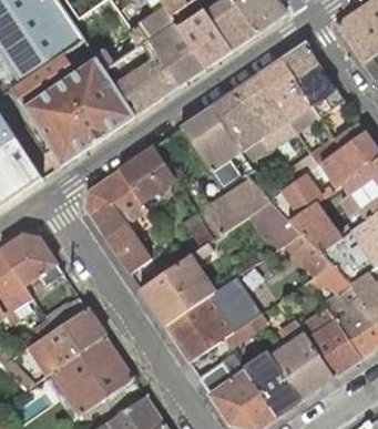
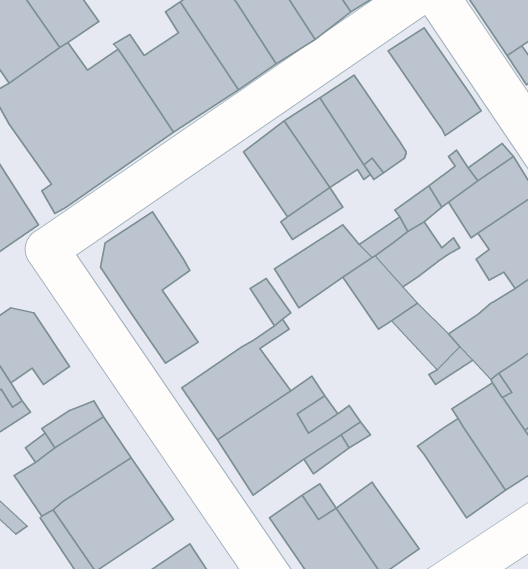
building: [257,59,317,127] -> none
building: [120,146,173,201] -> none
building: [290,202,350,252] -> none
building: [272,324,334,398] -> none

